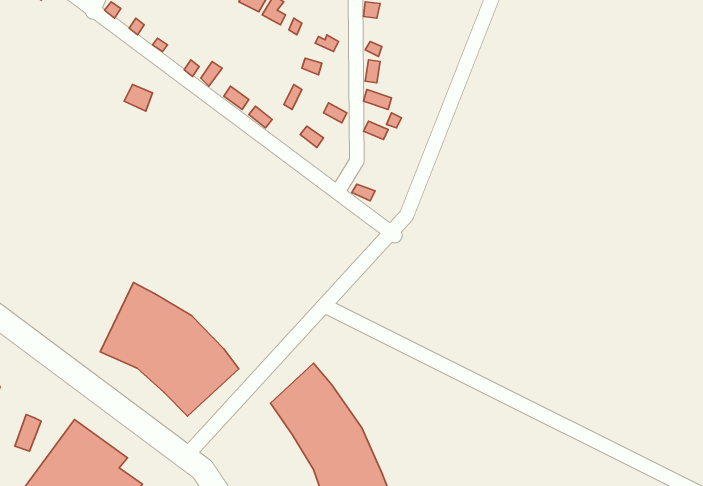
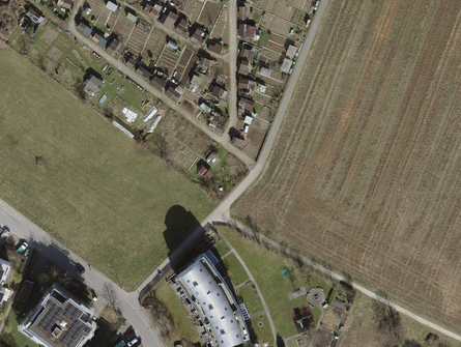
building: [100,282,239,416] -> none

